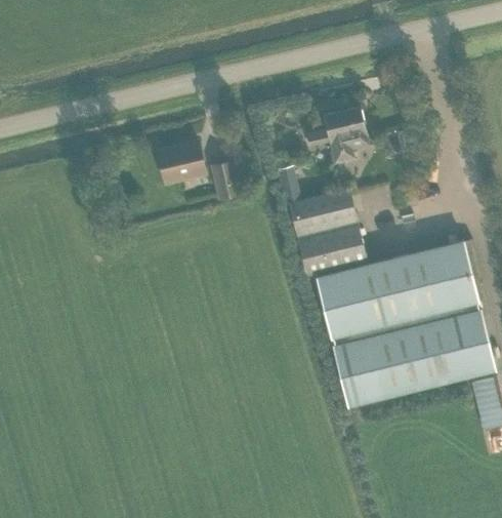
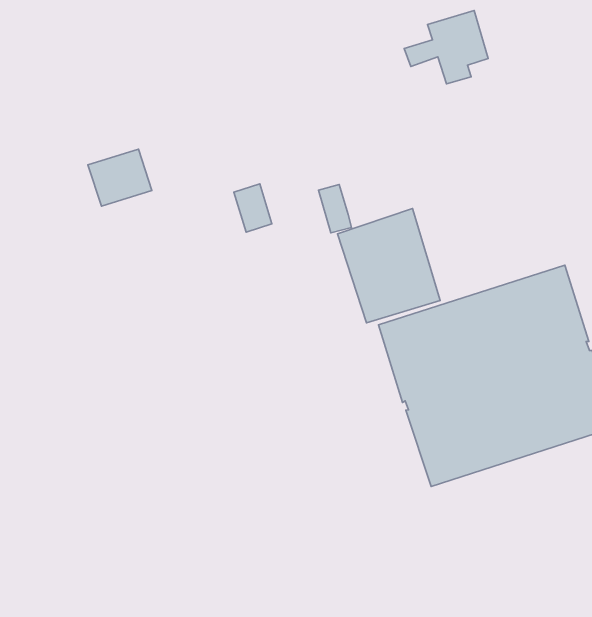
building: [304,108,369,163] -> [404,10,488,84]
building: [158,142,206,184] -> [88,149,152,206]

